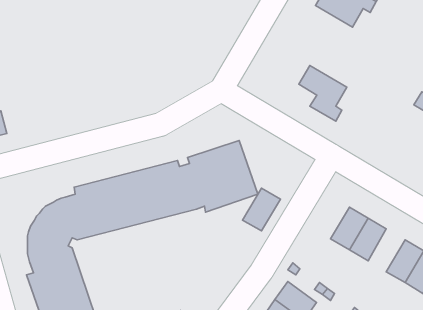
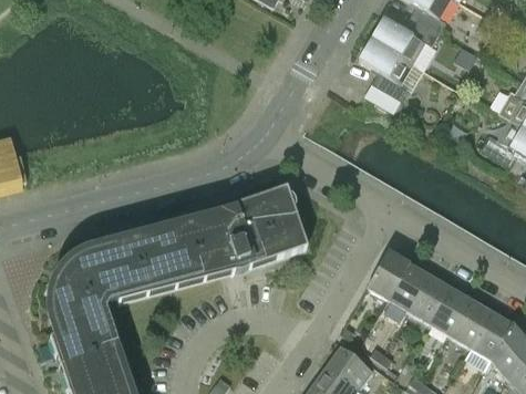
building: [299,65,347,121] -> [360,38,413,100]
building: [243,188,280,231] -> [368,250,410,298]
building: none -> [431,287,472,334]

